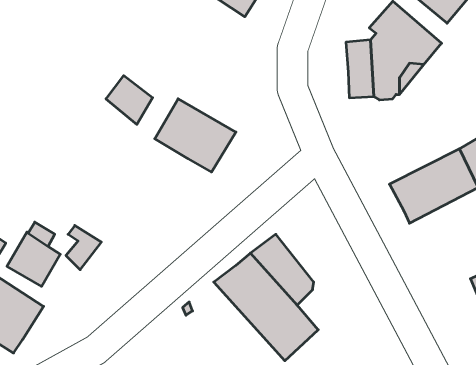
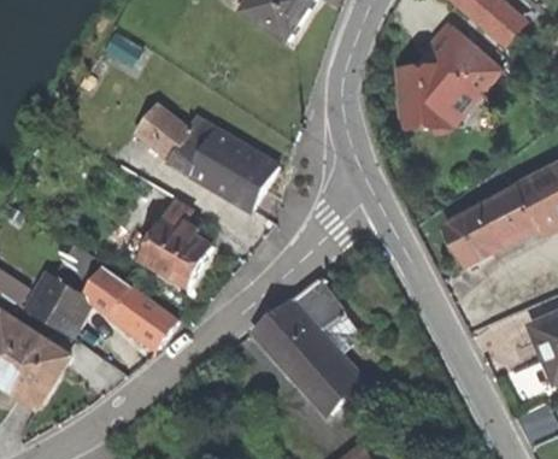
building: none -> [166,116,213,172]
building: none -> [139,198,211,286]
building: none -> [107,284,175,348]

